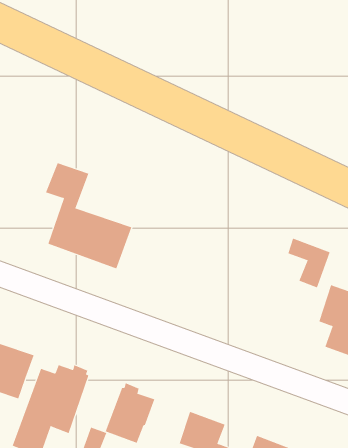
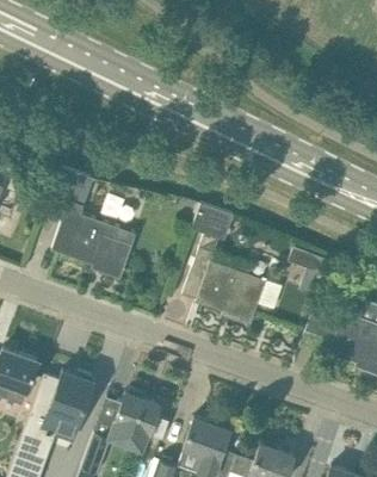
building: none -> [181,204,282,322]

